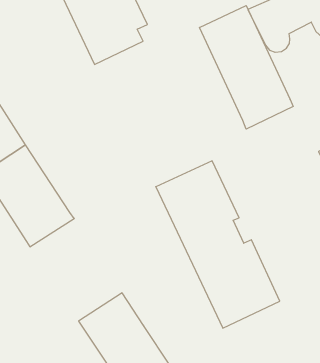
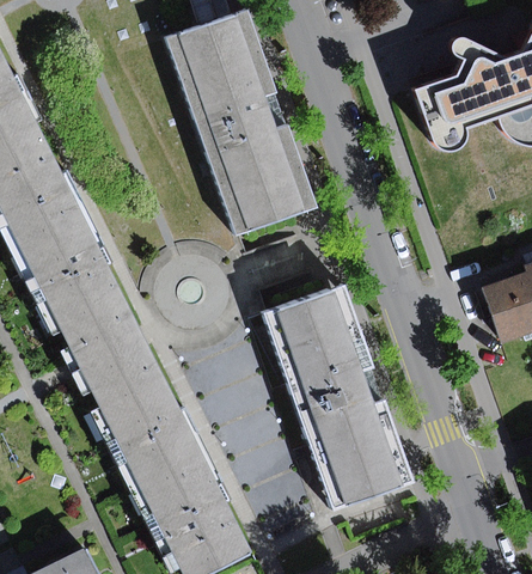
building: [200,6,293,129] -> none
building: none -> [198,116,317,238]
building: none -> [85,342,201,480]

